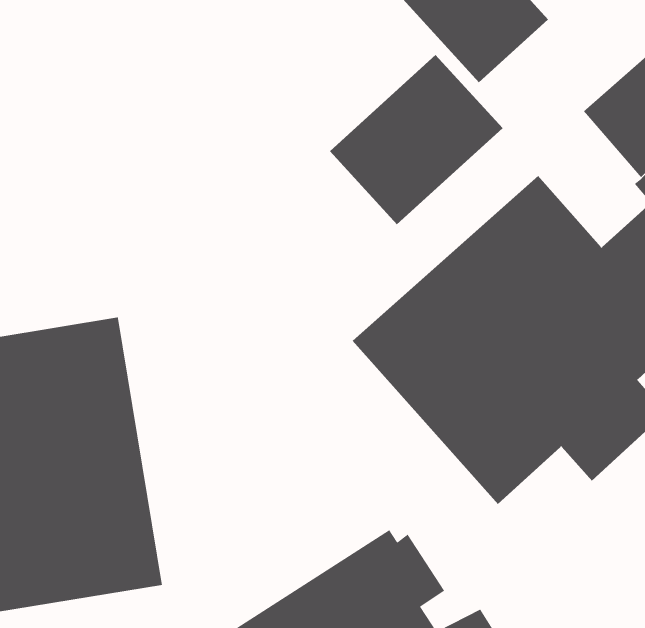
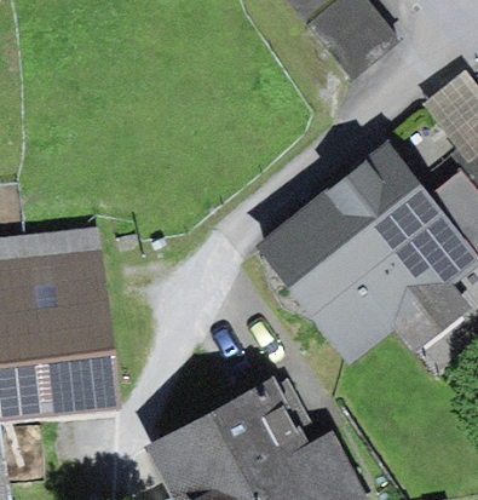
building: [329,54,503,225] -> none

